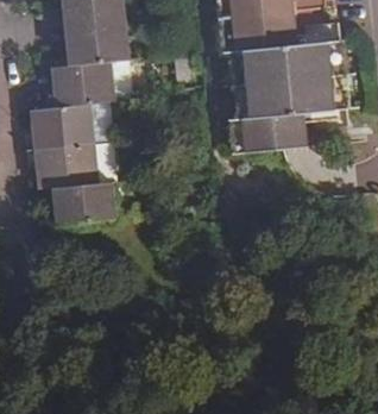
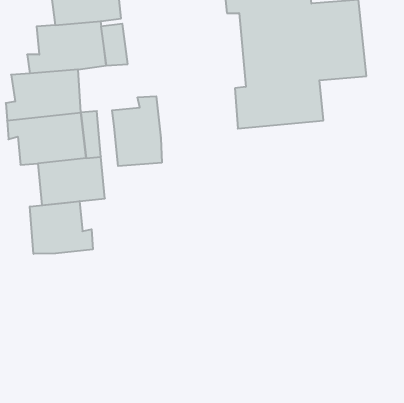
building: none -> [112,96,162,166]
building: none -> [30,201,93,254]

